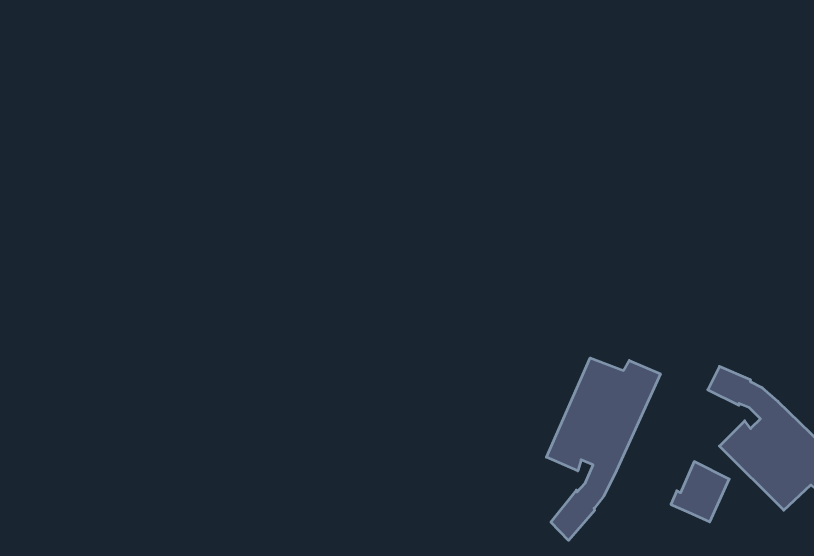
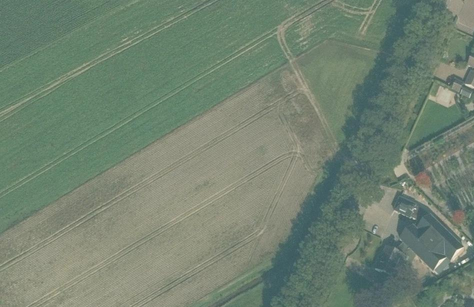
building: [546,358,660,540] -> none

